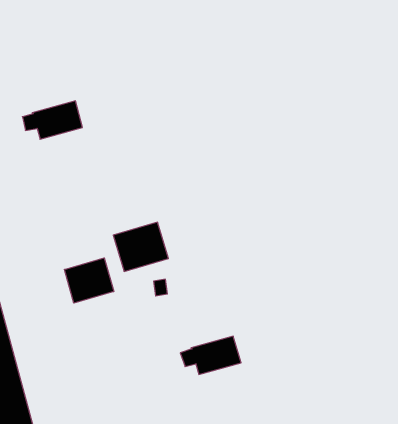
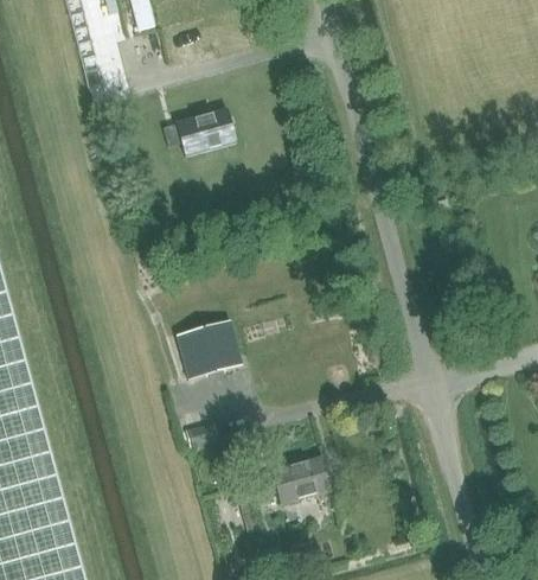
building: [22,101,82,139] -> [162,109,235,155]
building: [64,258,114,303] -> none

